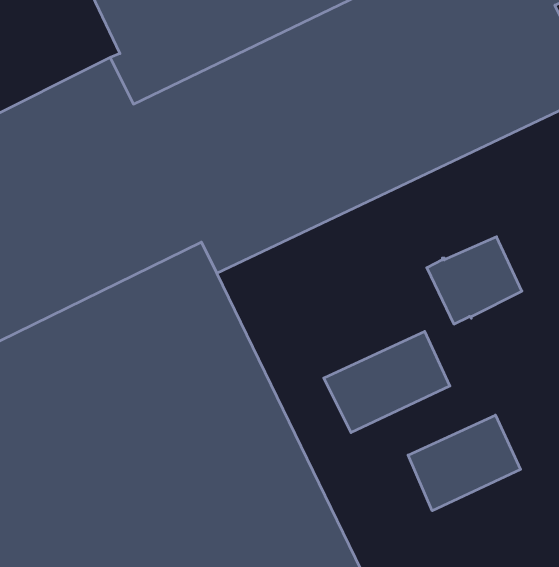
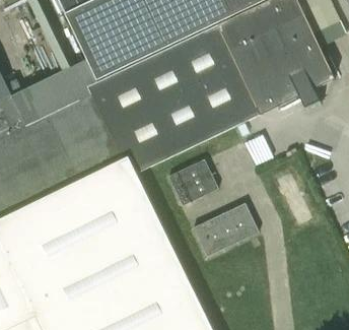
building: [427,237,522,324] -> [167,159,217,205]
building: [408,415,521,511] -> none

